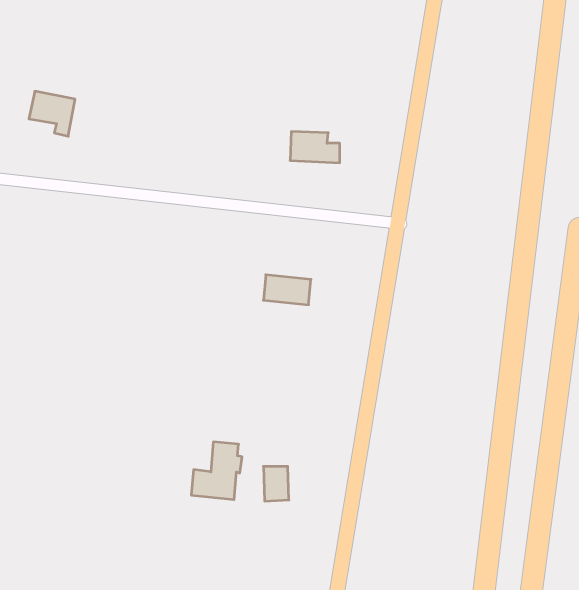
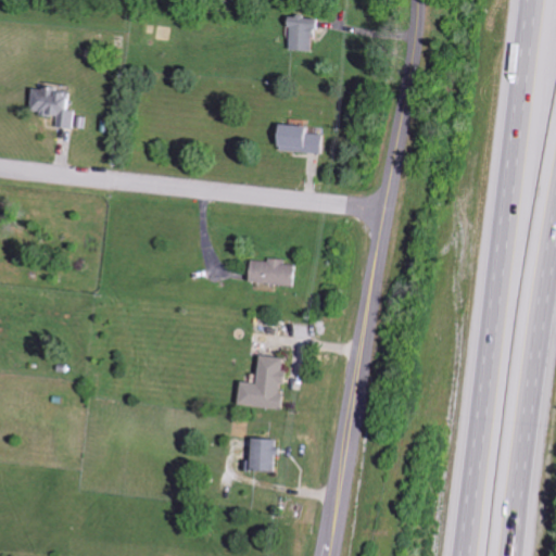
building: none -> [285,15,315,52]
building: [191,442,242,500] -> [237,355,285,409]

